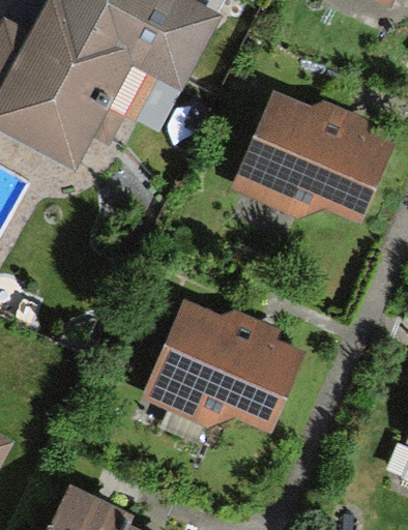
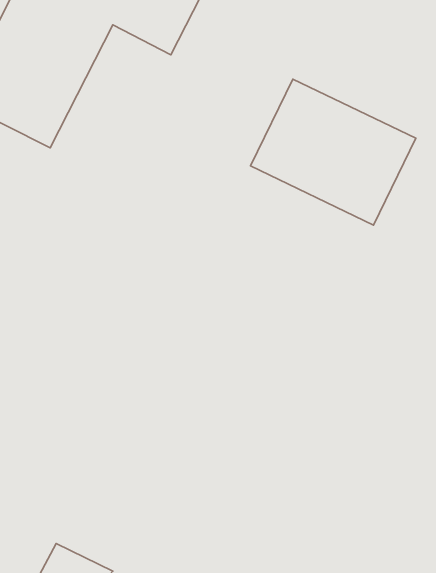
building: [153,311,297,441] -> none

